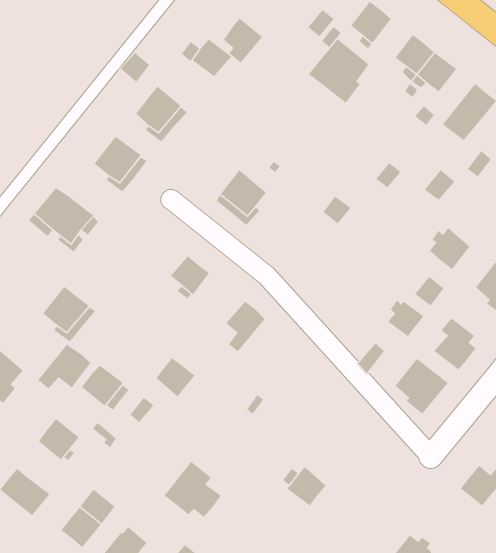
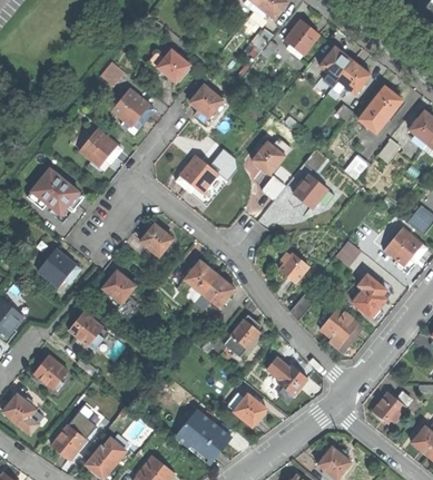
building: [223,18,263,63] -> [189,85,222,121]
building: [308,38,369,104] -> none
building: none -> [252,140,289,174]
building: [429,227,470,270] -> [293,174,326,208]
building: [387,300,425,337] -> [278,252,308,282]
building: none -> [194,275,234,308]
building: [37,344,91,389] -> none
building: [155,357,196,398] -> [102,271,135,303]
building: none -> [224,314,260,356]
building: none -> [266,357,306,402]
building: [163,461,222,518] -> [177,411,224,457]

